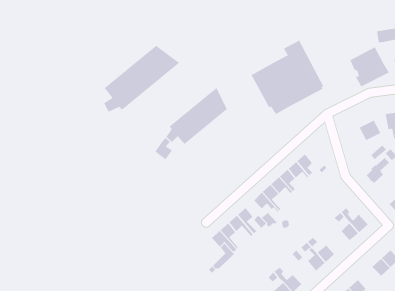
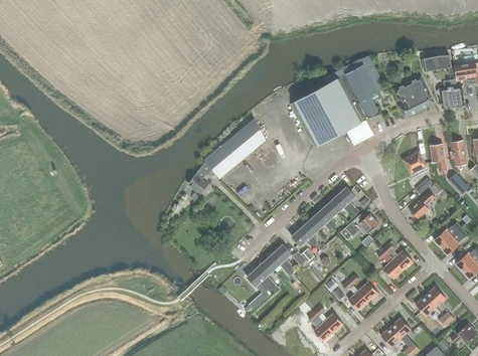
building: none -> [340,54,385,122]
building: [103,45,180,113] -> none
building: none -> [340,212,378,239]

